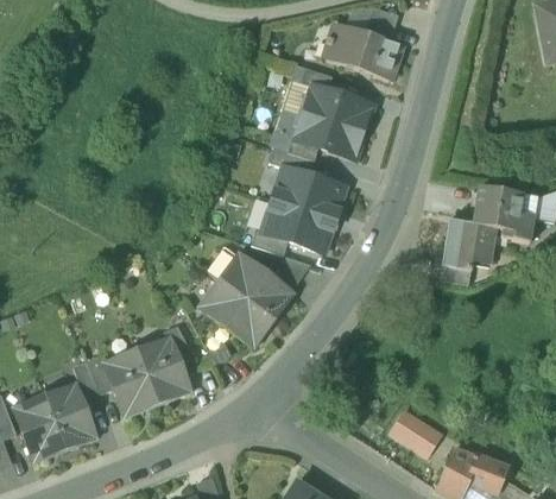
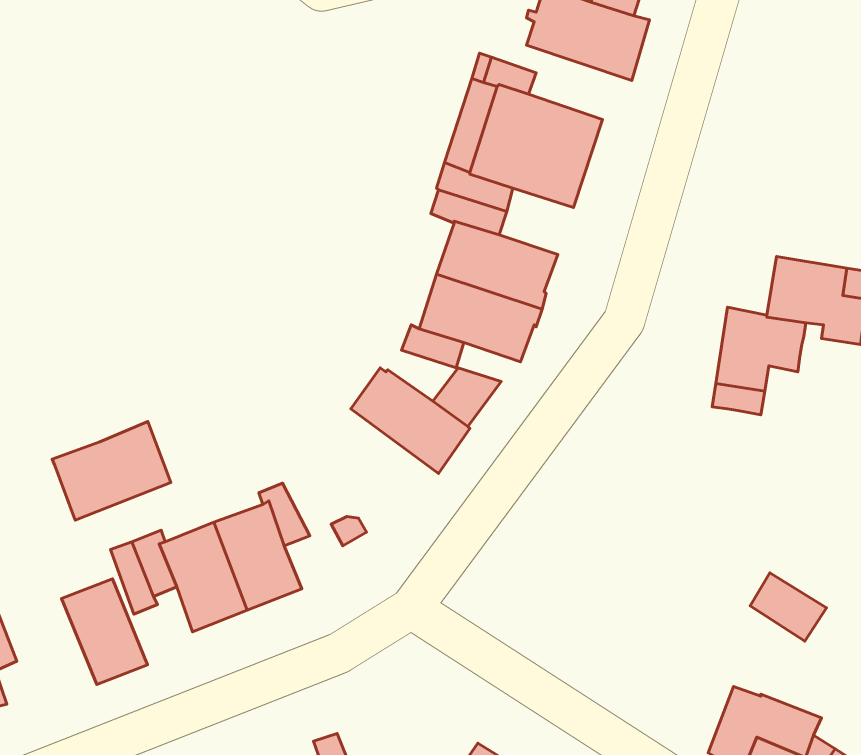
building: [200,280,273,346] -> none
building: none -> [52,422,171,520]
building: [13,396,65,461] -> none
building: [392,413,438,455] -> [750,573,826,641]

